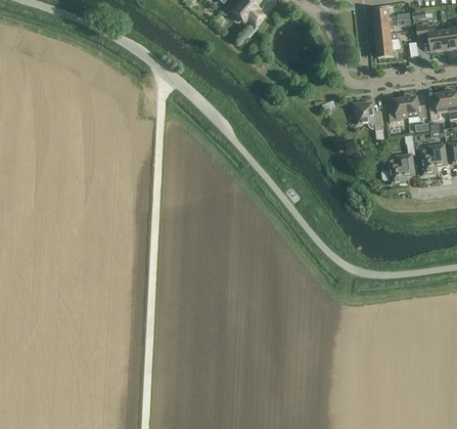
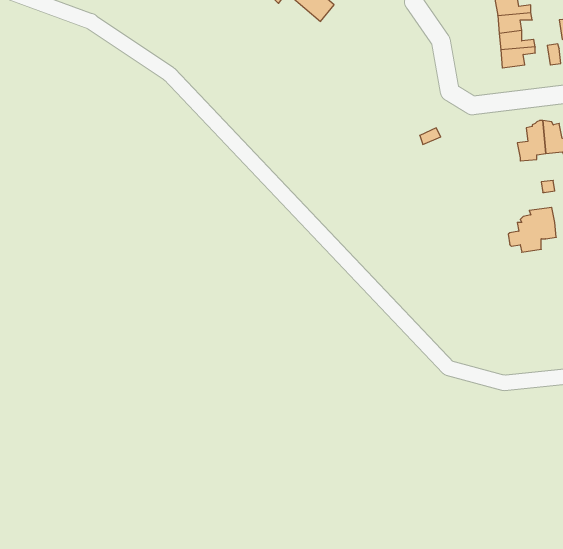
building: [353,101,383,138] -> none

